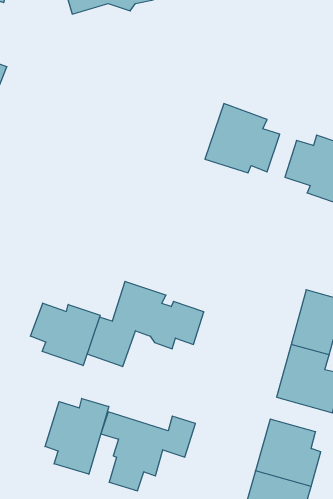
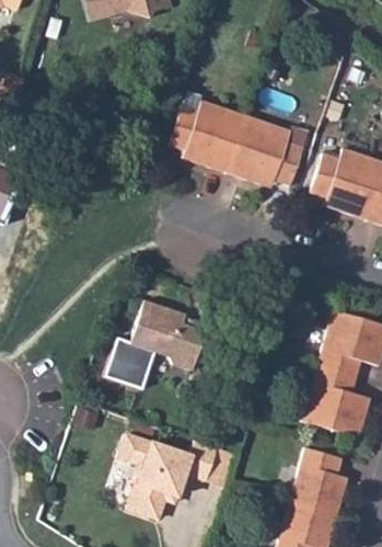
building: none -> [169,100,246,173]
building: [30,303,100,366] -> none
building: [45,398,109,474] -> none

